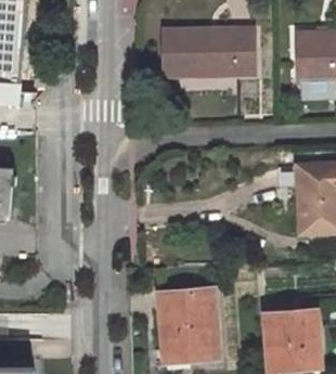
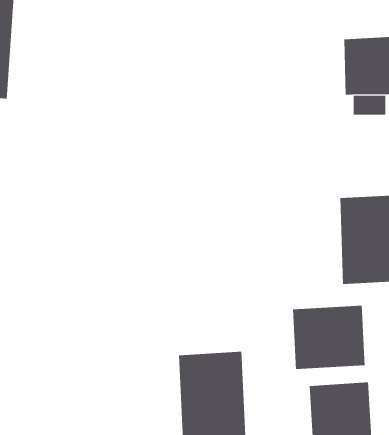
building: [163,29,250,75] -> none
building: none -> [292,305,365,370]

